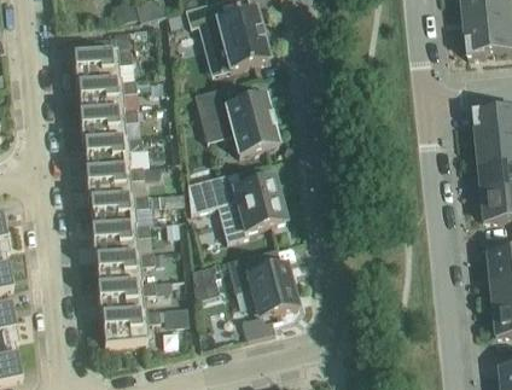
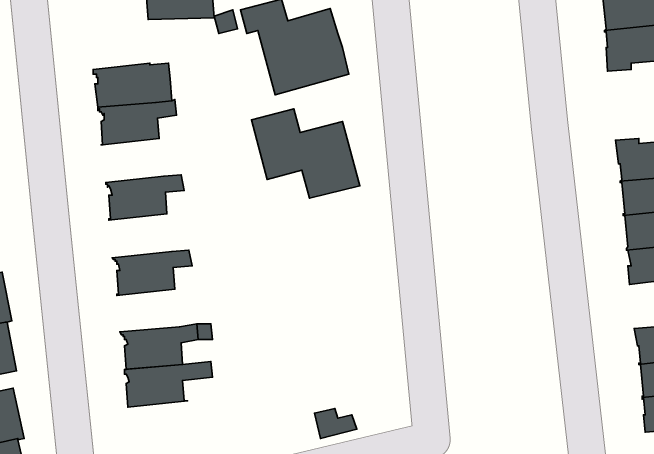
building: [78,107,138,142] -> none
building: [85,165,144,200] -> none
building: [187,176,285,241] -> none
building: [91,223,150,257] -> none
building: [226,255,297,313] -> none
building: [192,263,221,299] -> none
building: [99,308,178,345] -> none

